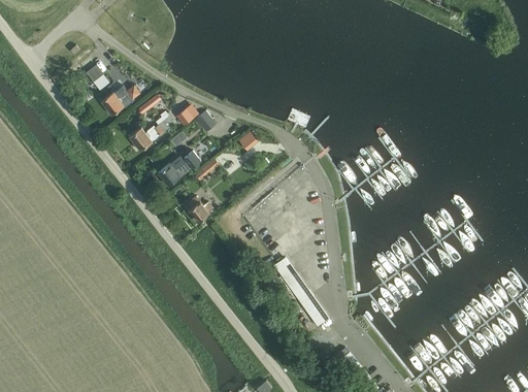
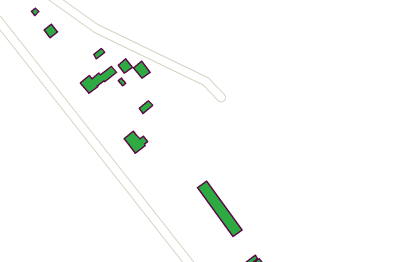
building: [101,86,139,115] -> none
building: [158,151,200,186] -> none

